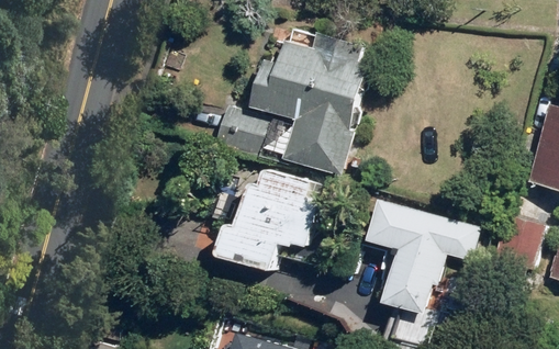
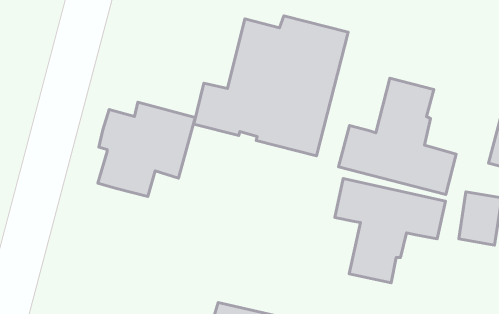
building: none -> [338,78,456,194]
building: [216,169,321,270] -> [98,102,195,196]

